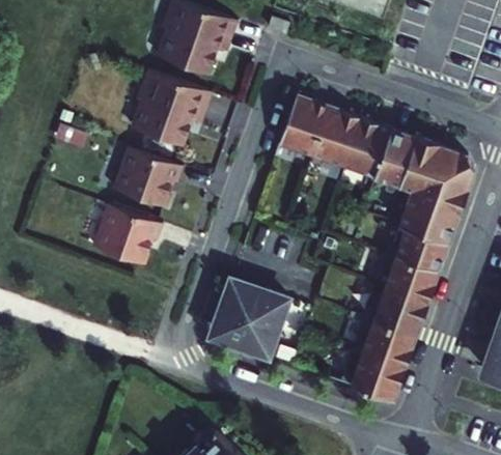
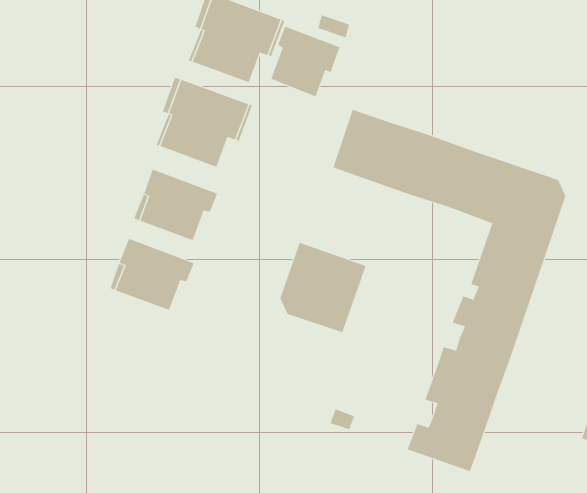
building: none -> [270,26,340,97]
building: [216,281,288,357] -> [279,242,366,333]

